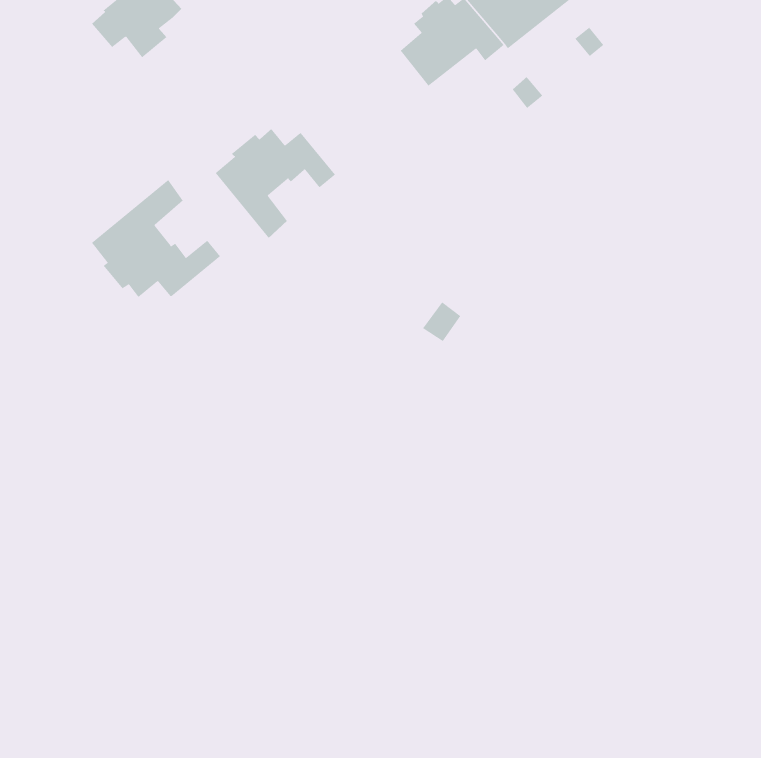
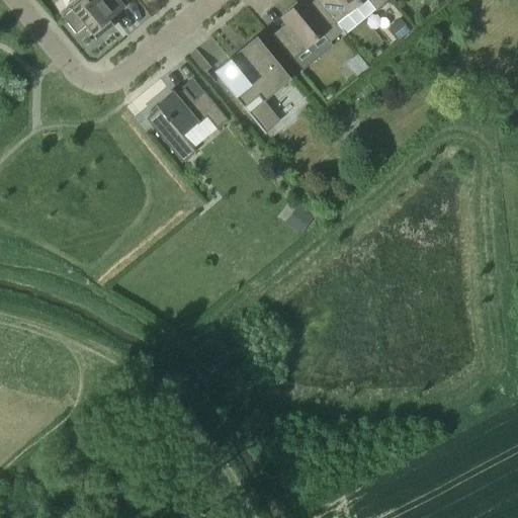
building: none -> [214,35,291,133]
building: [91,179,221,298] -> none

